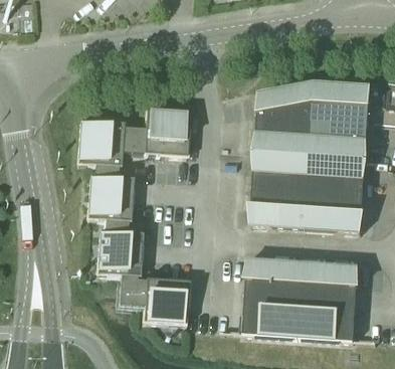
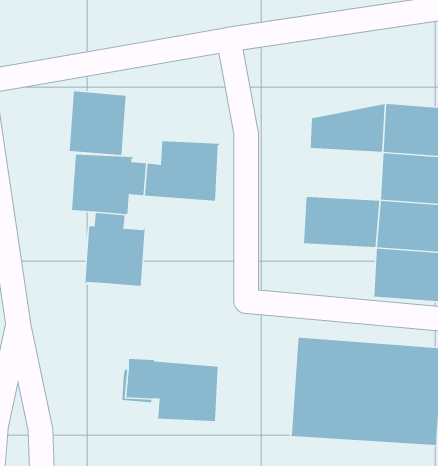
building: none -> [69,91,126,156]
building: [254,115,313,154] -> none
building: [250,187,308,227] -> none
building: [96,217,142,274] -> none

